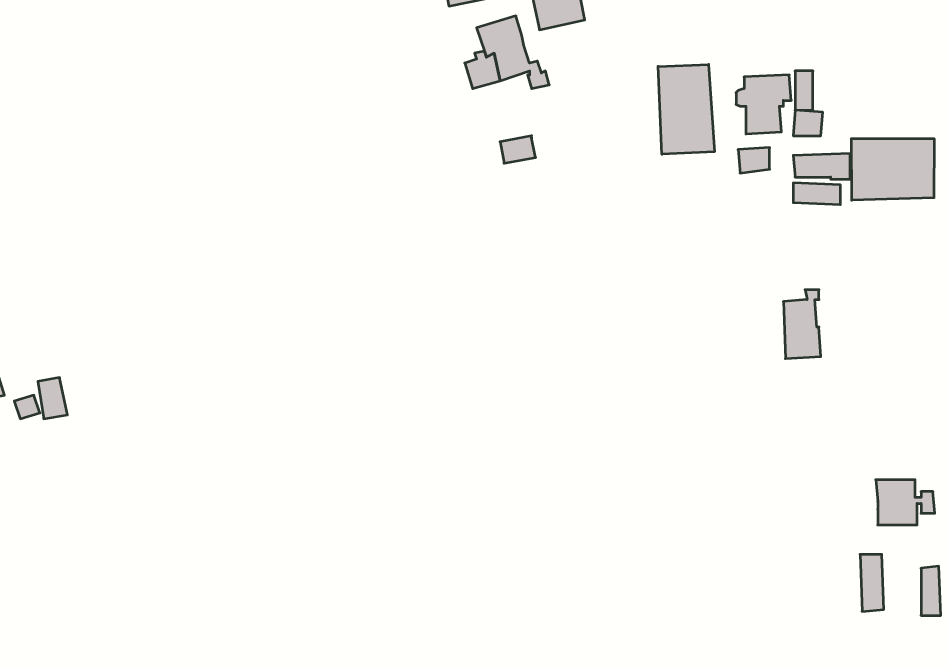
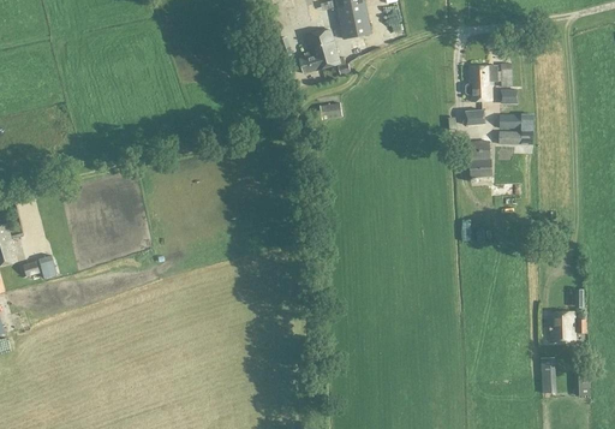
building: [658,64,714,154] -> none
building: [851,139,934,200] -> none
building: [783,290,821,359] -> [468,135,491,177]

